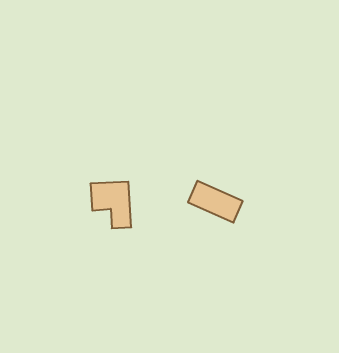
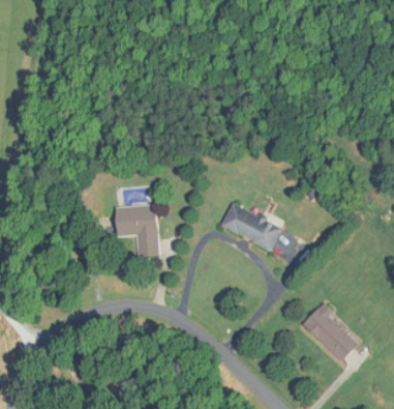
building: none -> [302,302,358,361]

